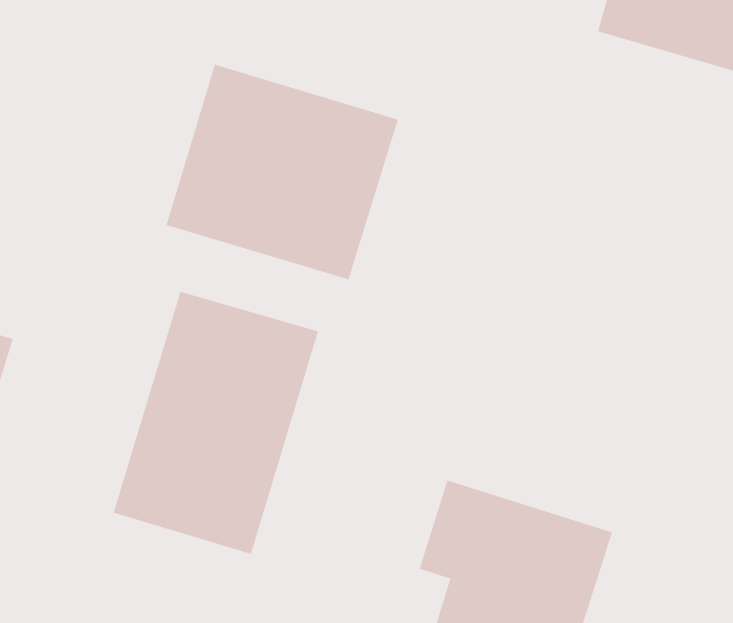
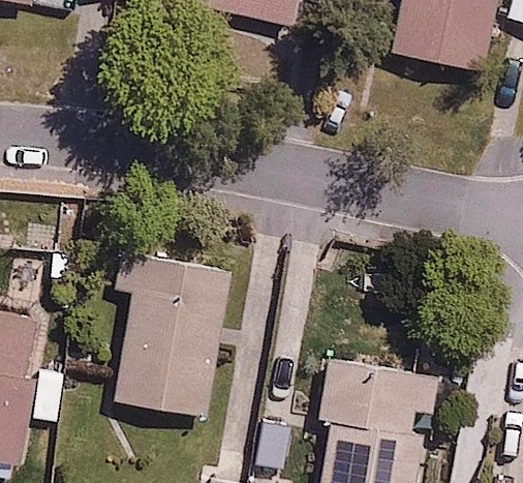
building: [166,64,399,280] -> none

